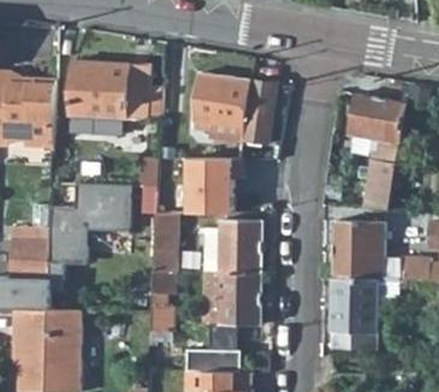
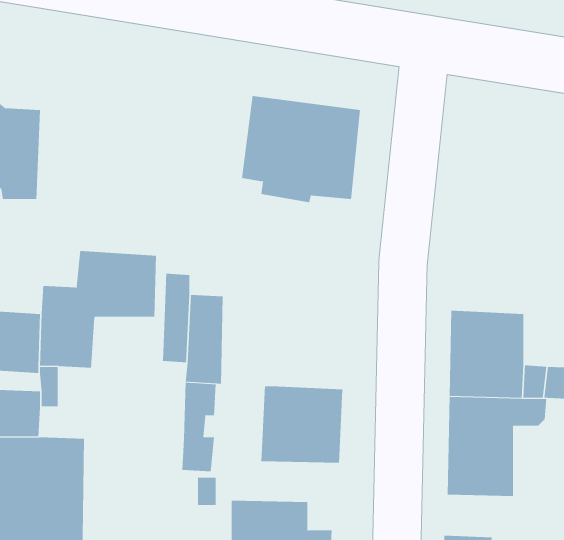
building: [66,61,160,135] -> none
building: [345,95,404,209] -> none
building: [180,160,225,216] -> none
building: [210,221,261,275] -> none

